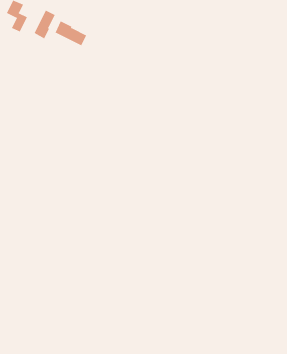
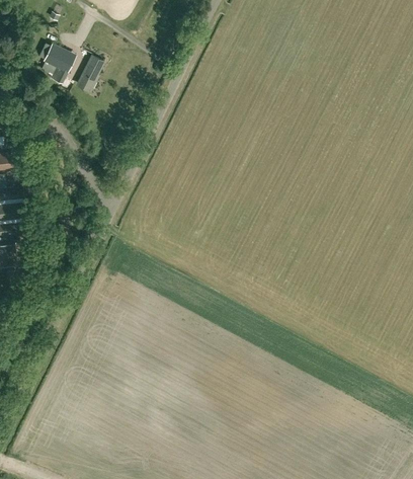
building: [55,21,87,46] -> none

